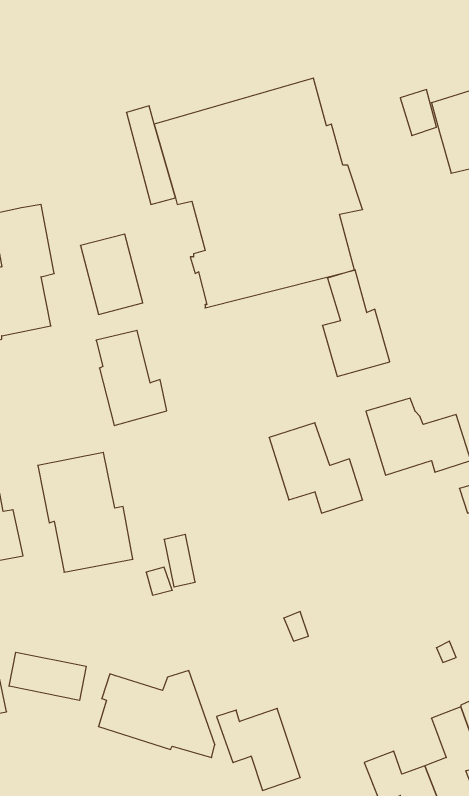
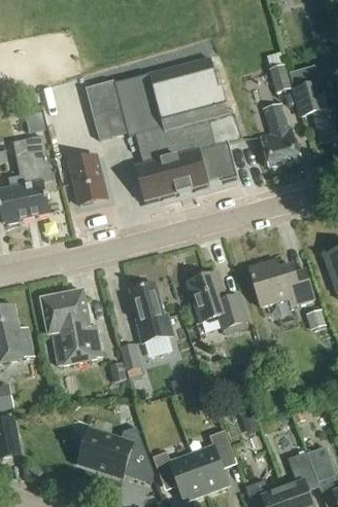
building: none -> [81,77,111,139]
building: [322,270,390,377] -> [258,102,300,169]
building: [96,330,167,426] -> [128,283,172,342]
building: [9,652,86,700] -> none
building: none -> [191,430,235,494]

